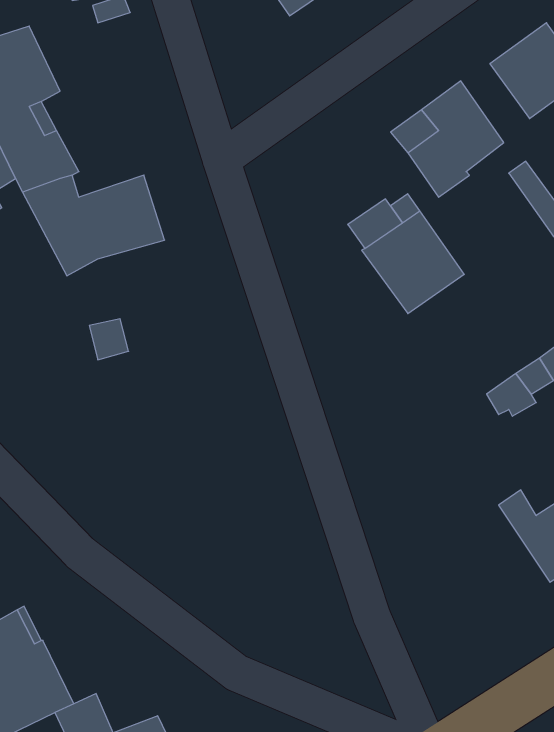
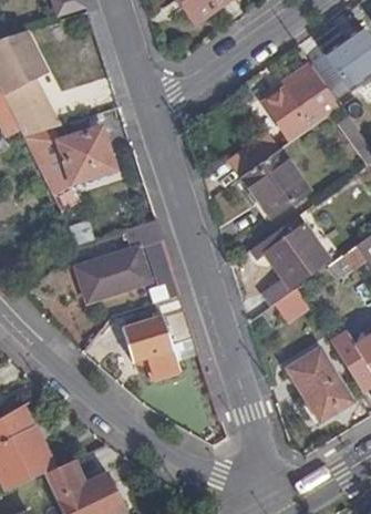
building: none -> [253,215,328,302]
building: none -> [76,218,171,300]
building: none -> [124,308,194,377]
building: none -> [289,350,349,419]

